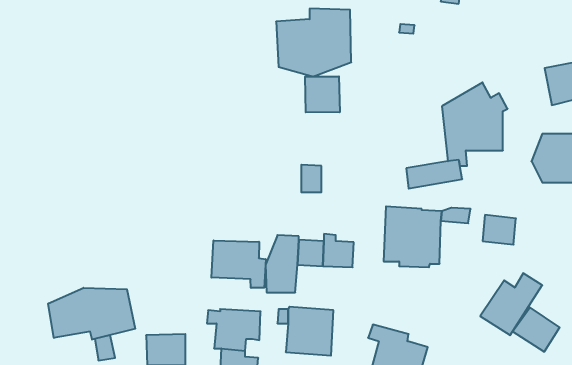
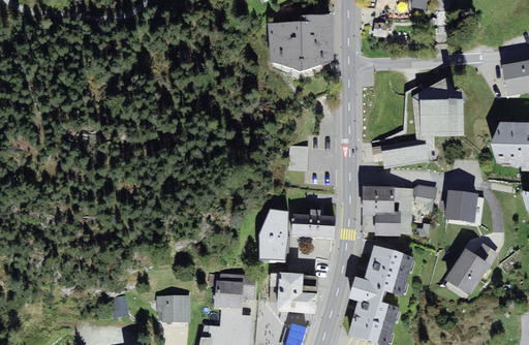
building: [305,76,340,112] -> none
building: [211,240,266,288] -> none
building: none -> [351,245,413,295]
building: [48,288,135,340] -> none
building: [512,307,560,352] -> none

